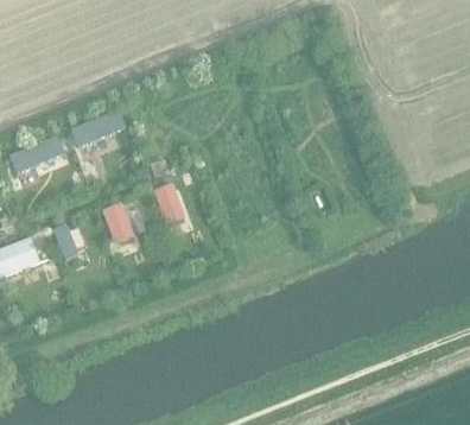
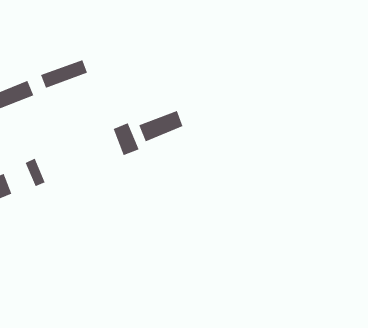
building: none -> [139,110,183,142]
building: [101,202,132,241] -> none

